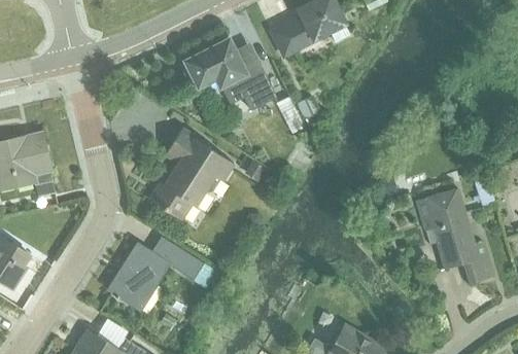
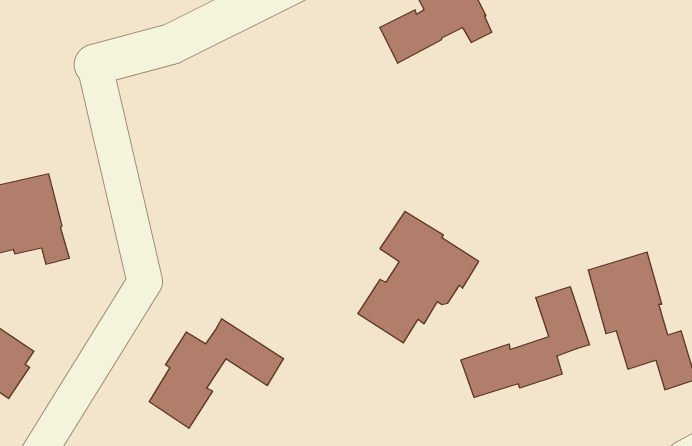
building: [183,39,277,110] -> none
building: [149,129,234,220] -> [358,211,479,343]
building: none -> [461,287,590,398]

